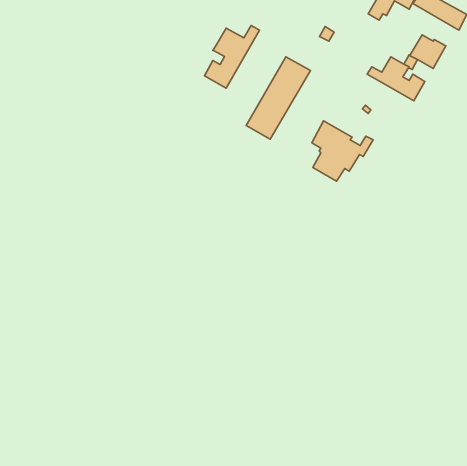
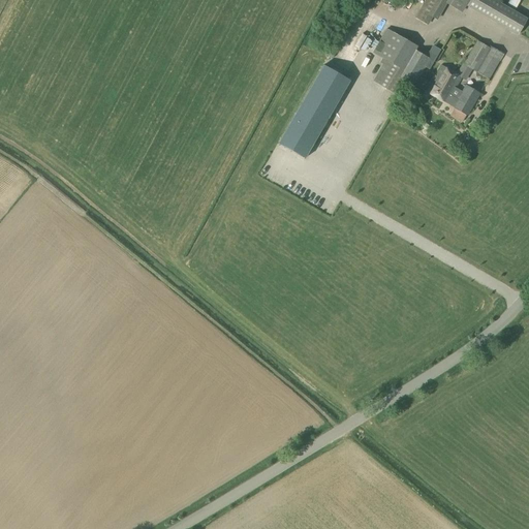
building: [205,26,260,88] -> none
building: [312,121,373,181] -> [373,27,442,95]

